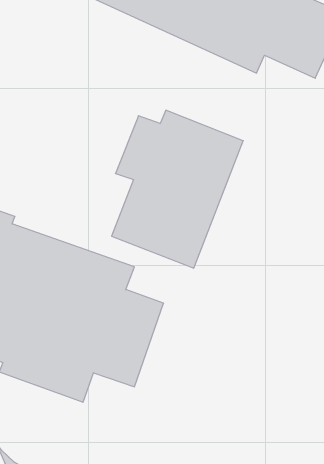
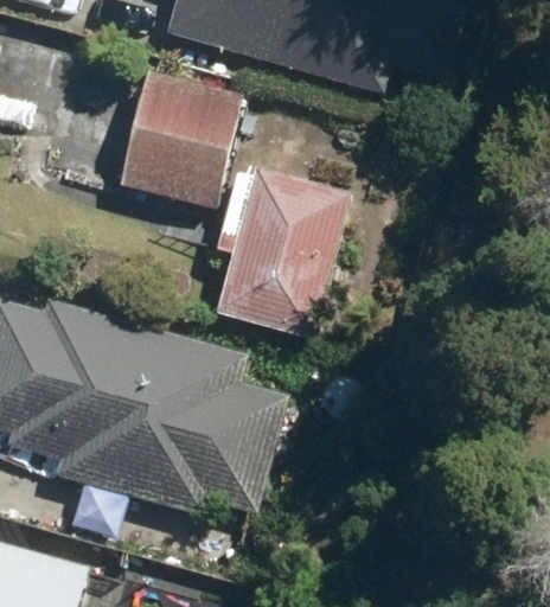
building: none -> [113,64,248,212]

